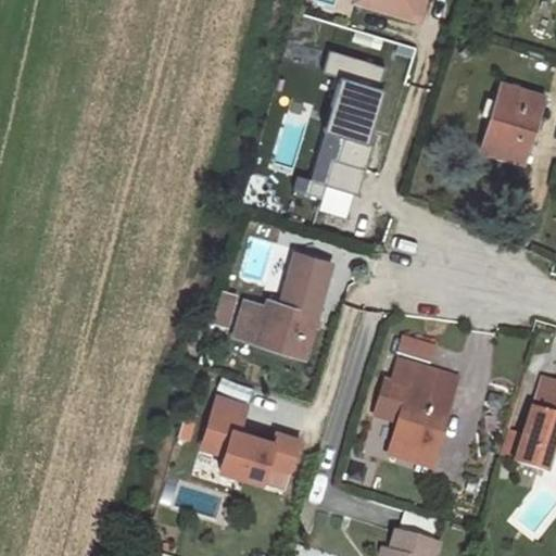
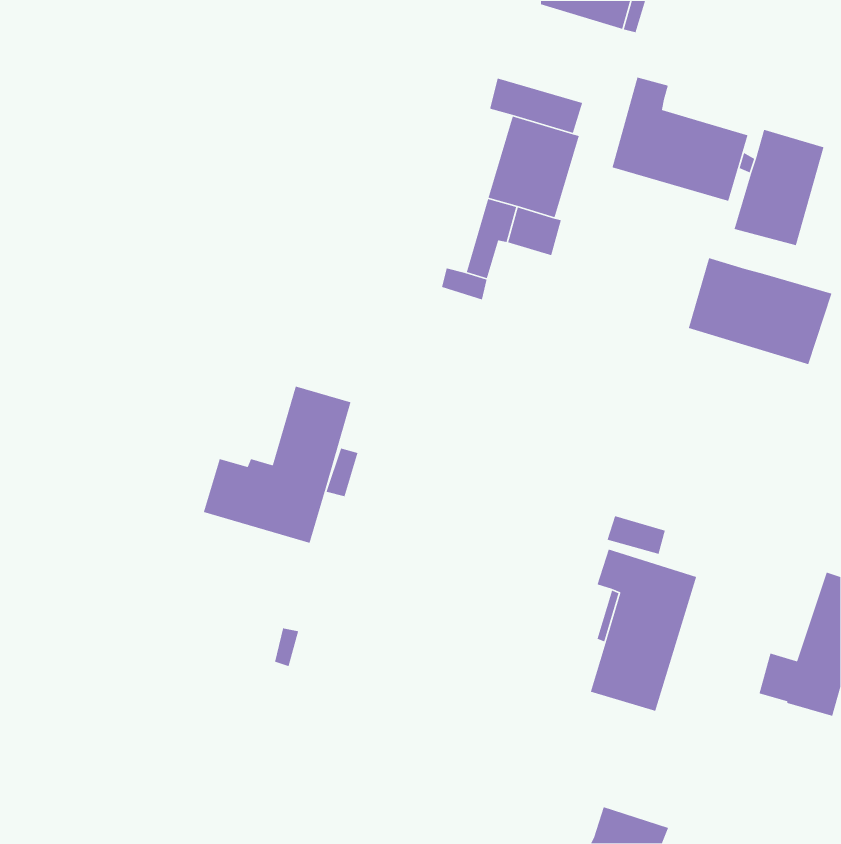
building: none -> [611,77,748,202]
building: [320,159,363,194] -> none
building: none -> [688,257,832,365]
building: [236,253,333,357] -> [203,385,351,544]
building: [202,396,301,482] -> none

